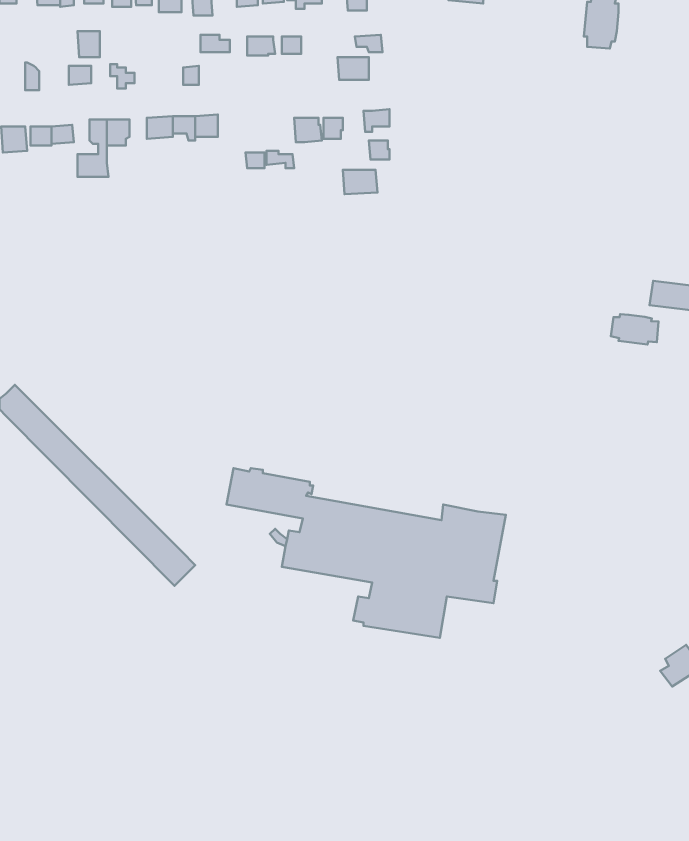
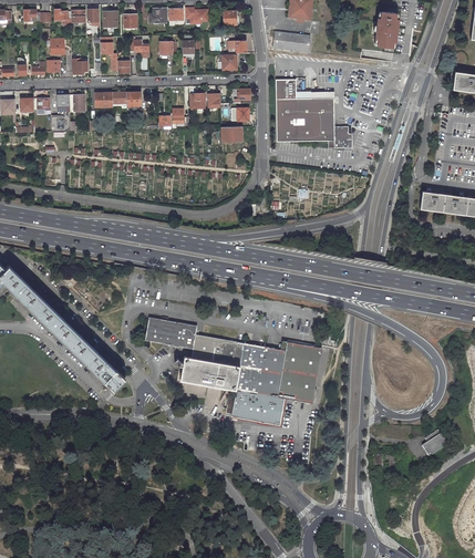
building: none -> [272,30,310,51]
building: none -> [275,78,351,147]
building: [611,314,658,344] -> none

